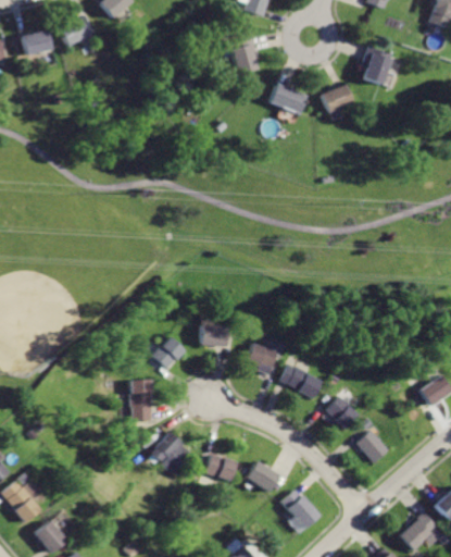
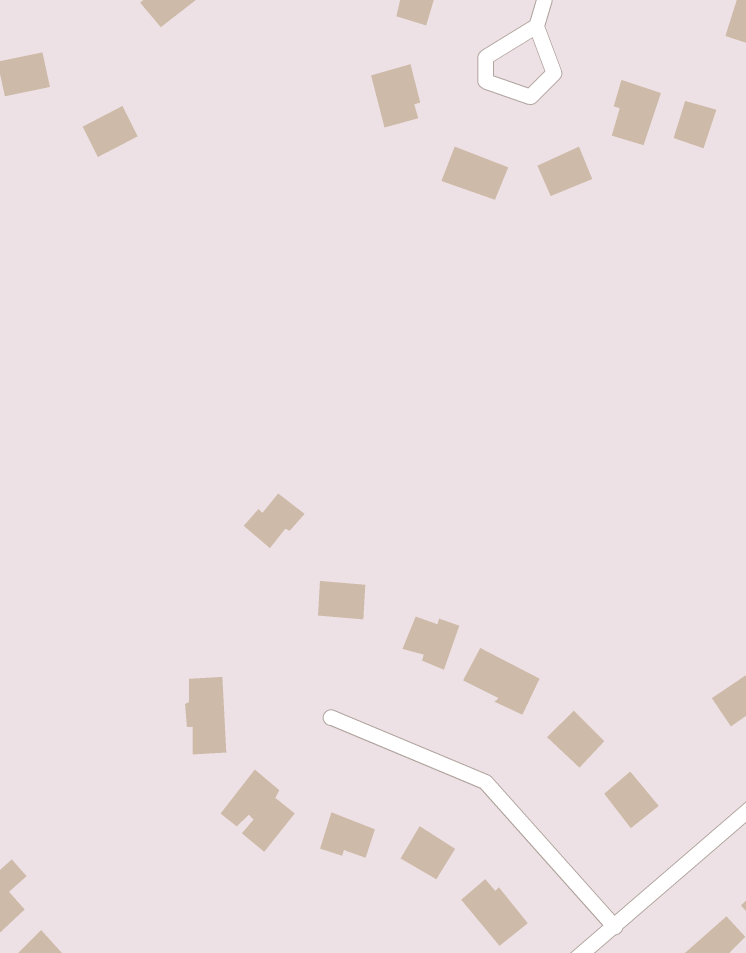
building: [61,16,92,46] -> [82,105,138,158]
building: none -> [673,100,717,149]
building: [150,336,185,368] -> [243,492,305,549]

